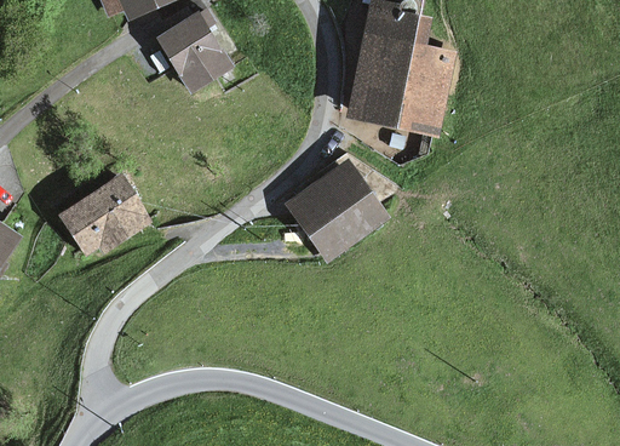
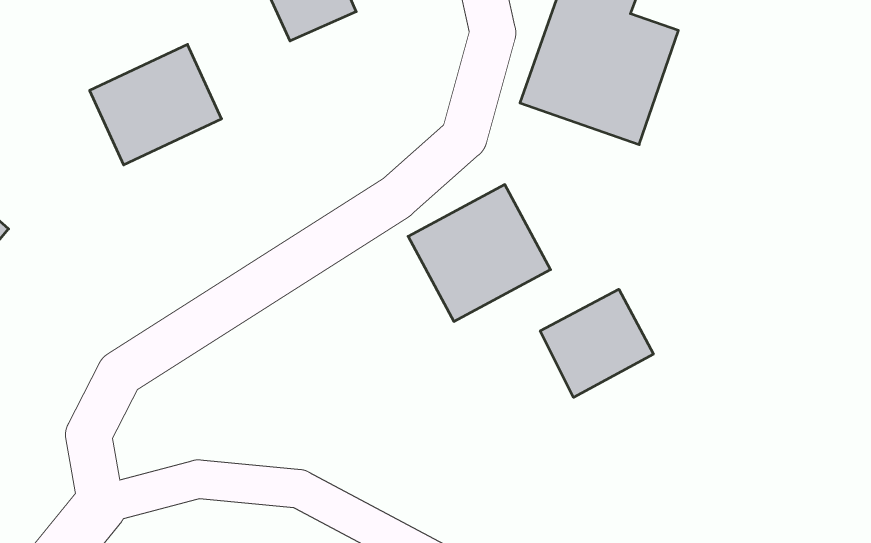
building: [63,176,151,259] -> [90,44,222,165]
building: none -> [540,289,653,397]

